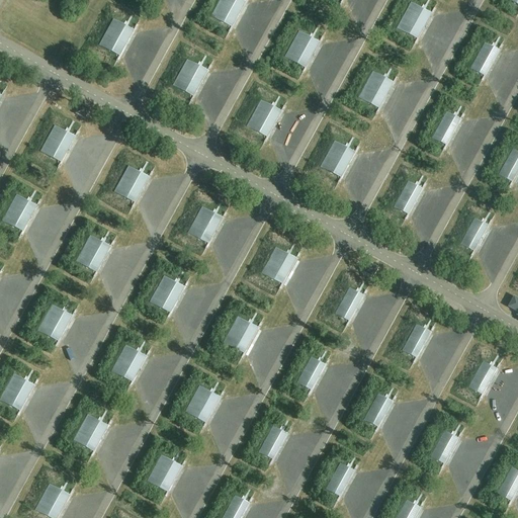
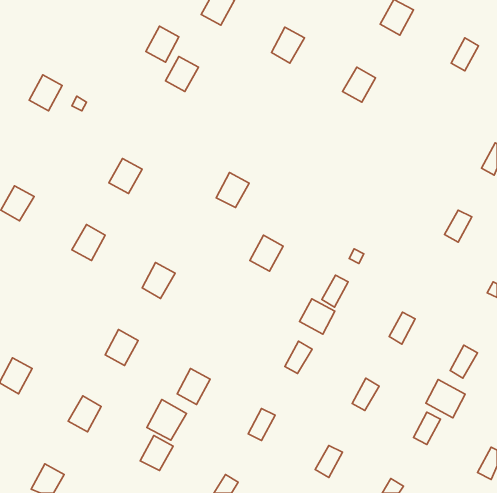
building: [97,17,132,55] -> [146,26,179,62]
building: [244,98,278,135] -> none
building: [431,110,459,144] -> none
building: [38,123,73,161] -> [29,75,62,111]
building: [319,139,353,176] -> none
building: [393,180,421,213] -> none
building: [185,204,220,241] -> [216,173,249,208]
building: [37,304,72,340] -> none
building: none -> [300,299,335,334]
building: [222,315,256,352] -> none
building: none -> [426,380,465,418]
building: none -> [147,400,187,440]

